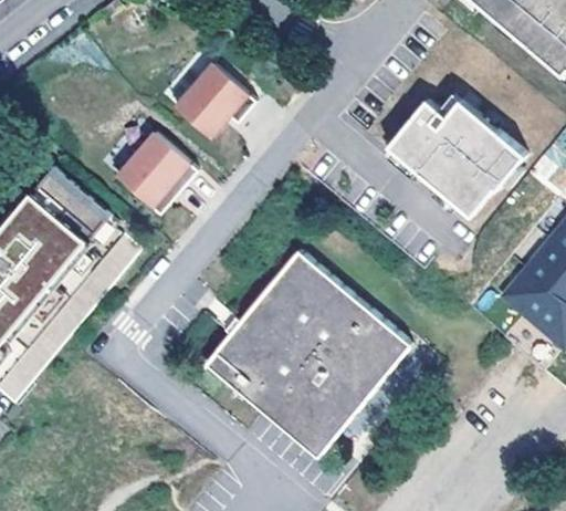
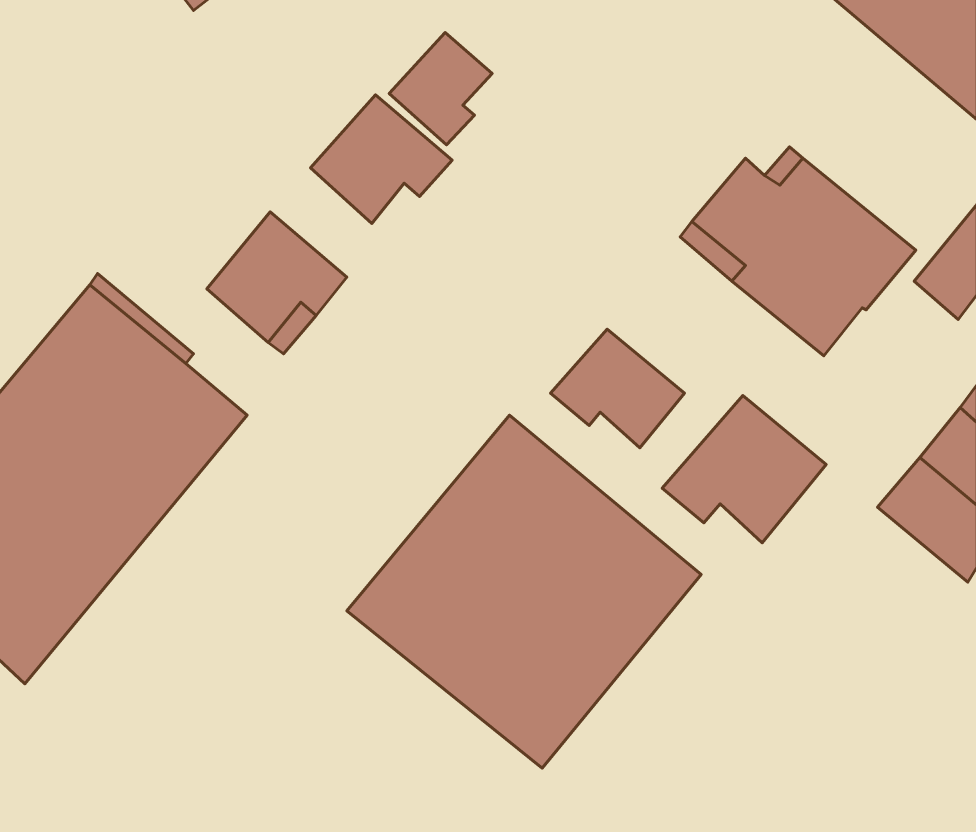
building: none -> [389,33,492,145]
building: none -> [550,329,684,448]
building: none -> [662,395,826,543]

